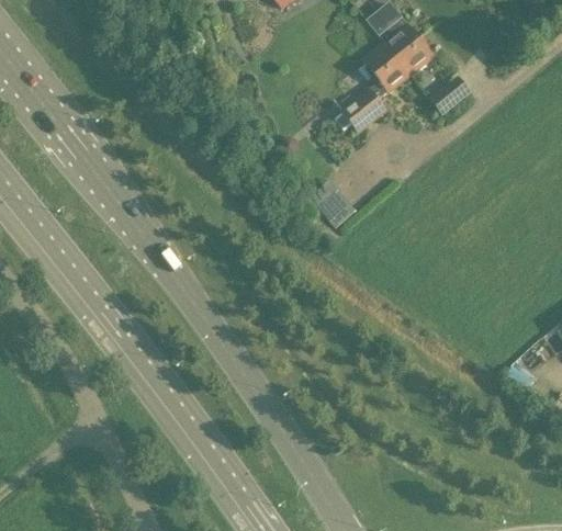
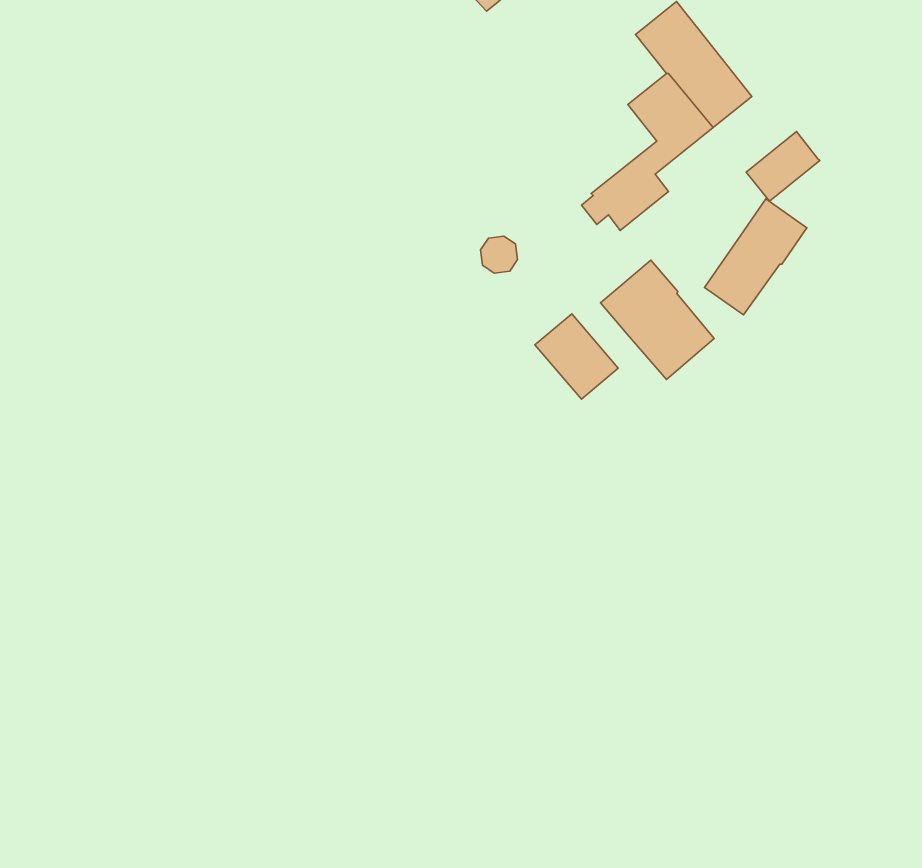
building: none -> [704,199,807,315]
building: none -> [600,260,714,379]

